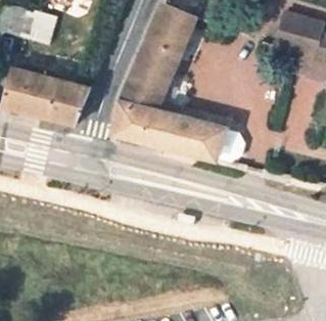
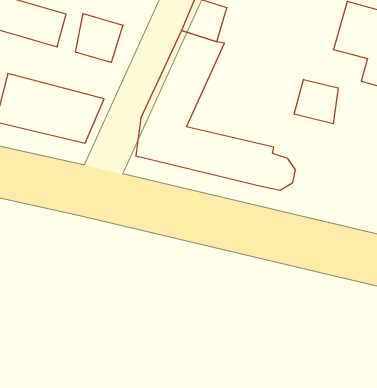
building: none -> [76,14,123,62]
building: none -> [294,79,338,124]

